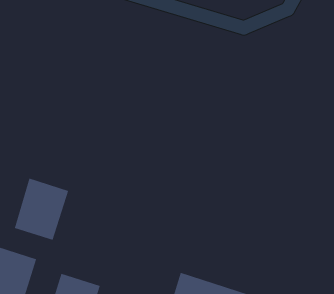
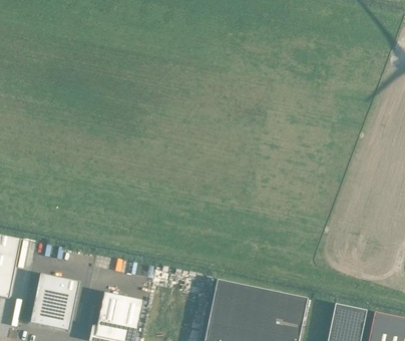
building: [14,177,69,241] -> none

